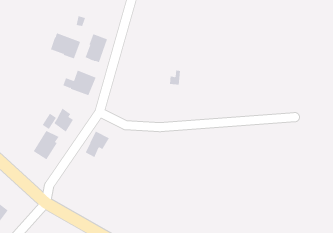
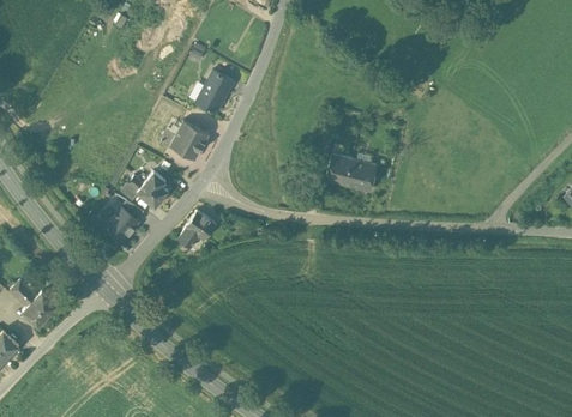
building: [50,33,81,59] -> none
building: none -> [326,152,378,191]

